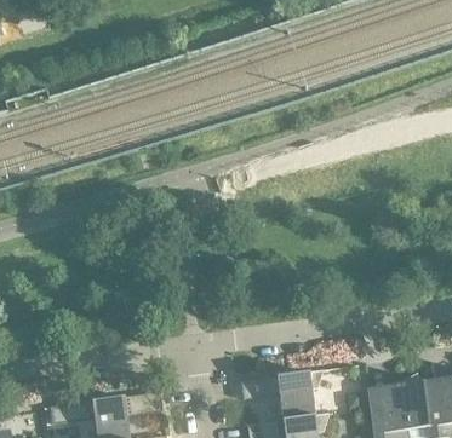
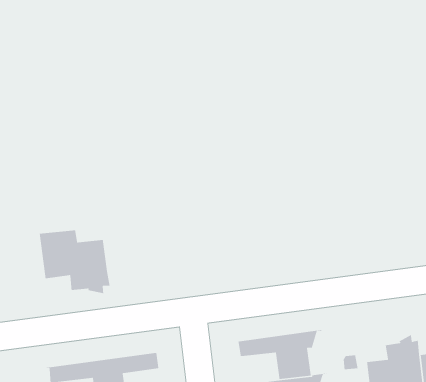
building: none -> [39,229,111,294]

